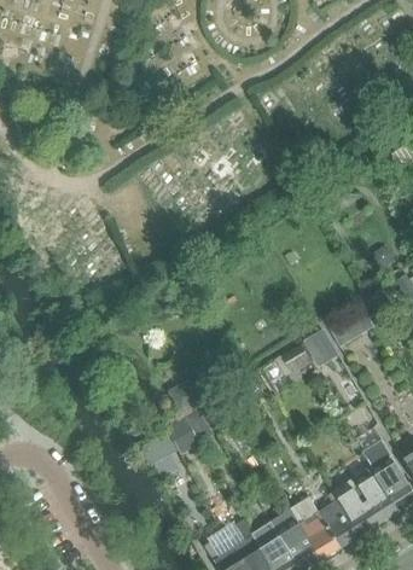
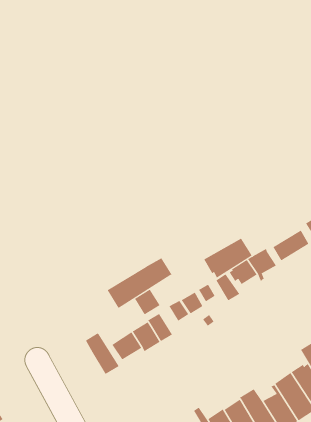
building: none -> [204,238,252,278]
building: none -> [107,258,173,309]
building: none -> [85,332,119,375]

